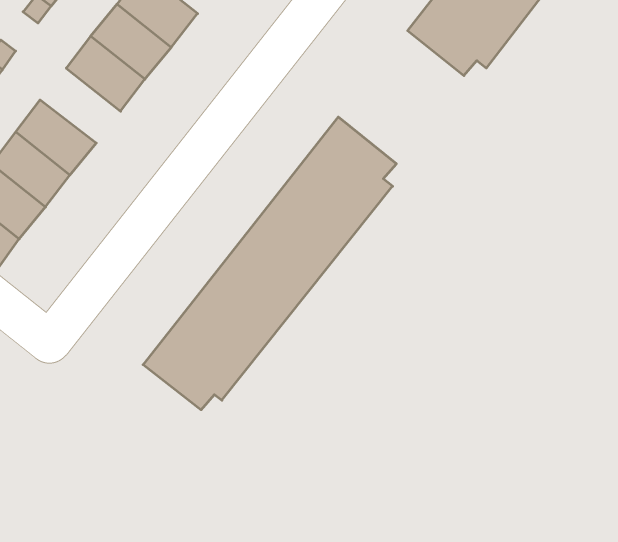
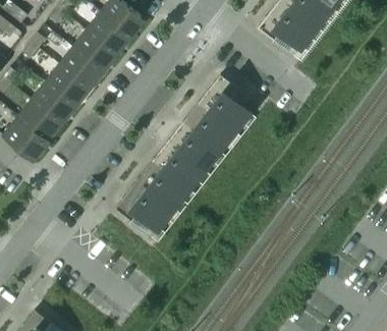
building: none -> [58,49,102,90]

